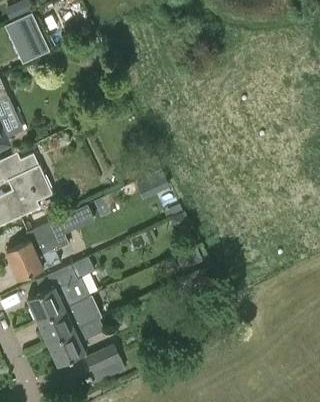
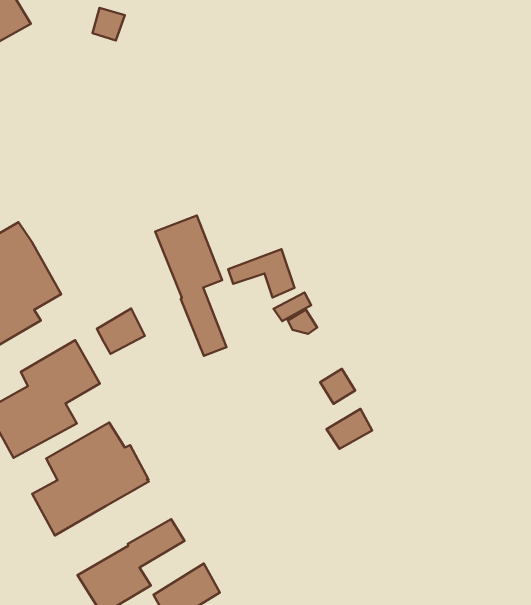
building: none -> [155,216,227,356]
building: [36,298,92,344] -> none

